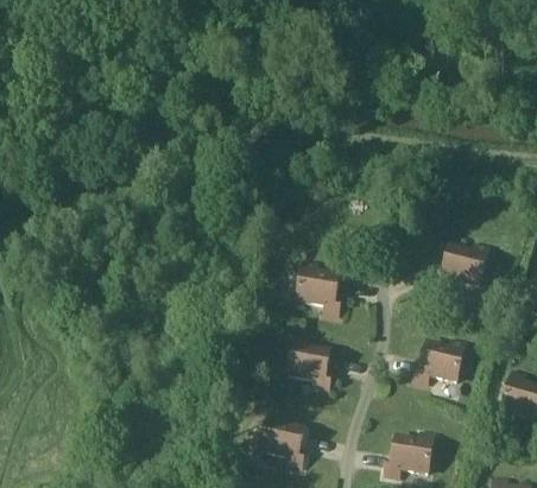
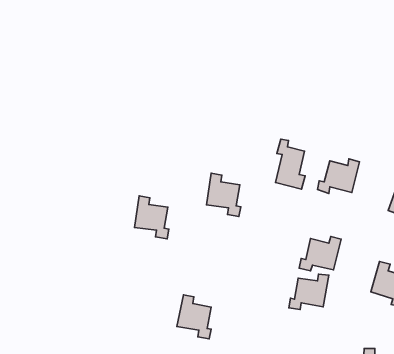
building: none -> [275,139,305,189]
building: [288,336,330,389] -> [134,196,169,239]
building: [384,432,434,476] -> [289,274,329,310]

